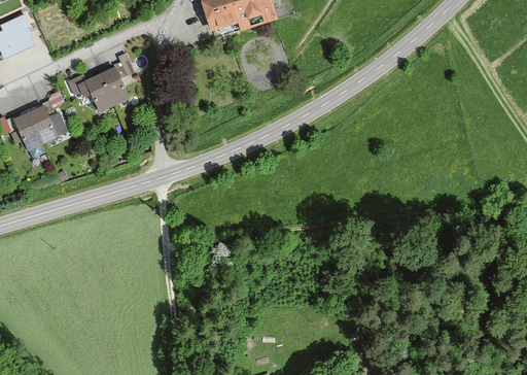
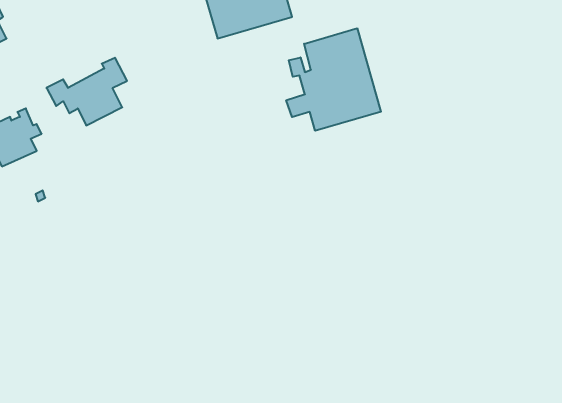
building: none -> [286,28,381,131]

